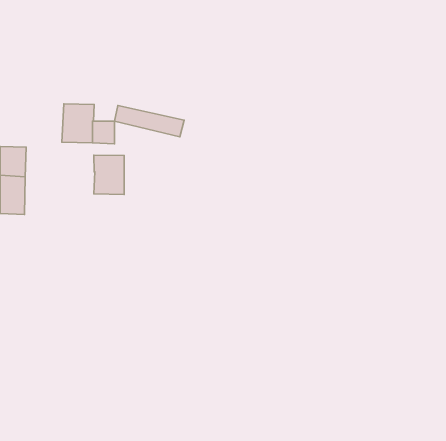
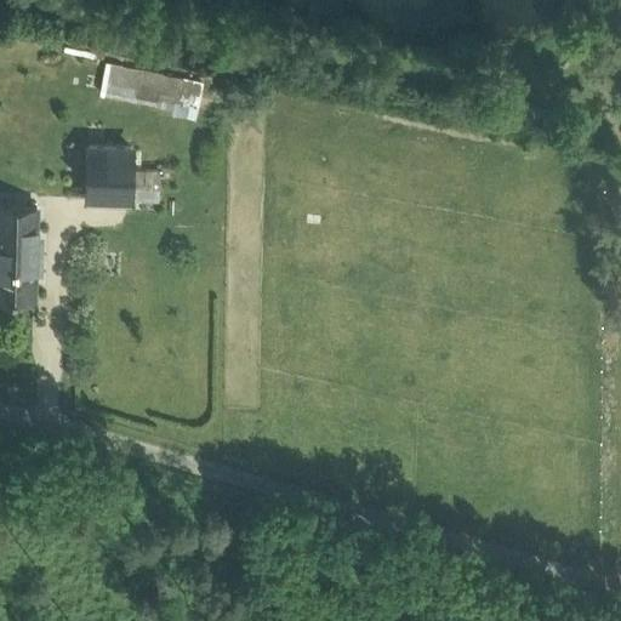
building: [114,105,184,137] -> [104,64,201,108]
building: [94,155,124,194] -> none

